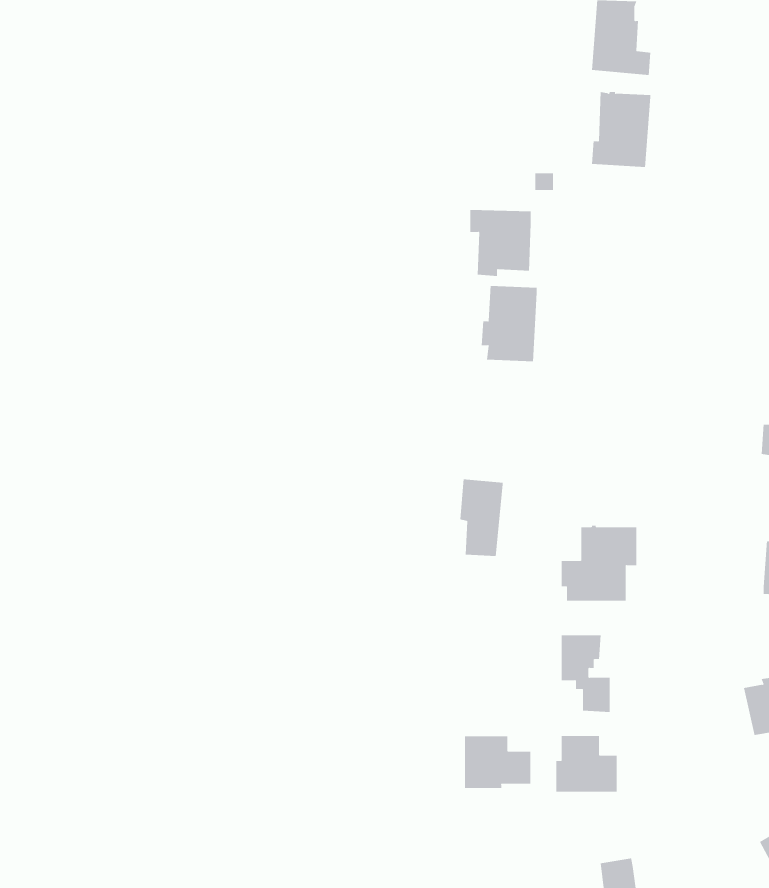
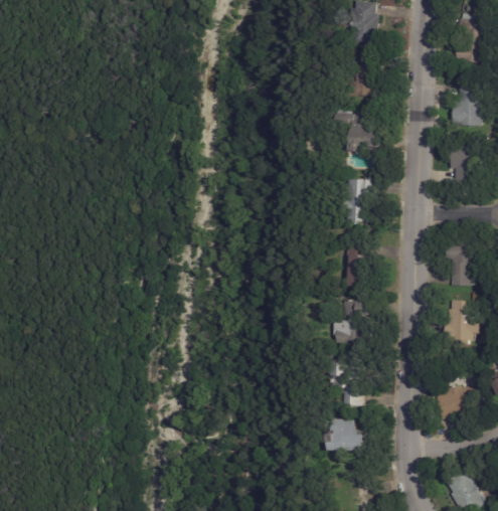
building: [470,209,532,277] -> [344,113,379,151]
building: [481,286,537,362] -> [340,178,372,221]
building: [459,479,504,557] -> [343,241,368,286]
building: [464,735,531,789] -> none

